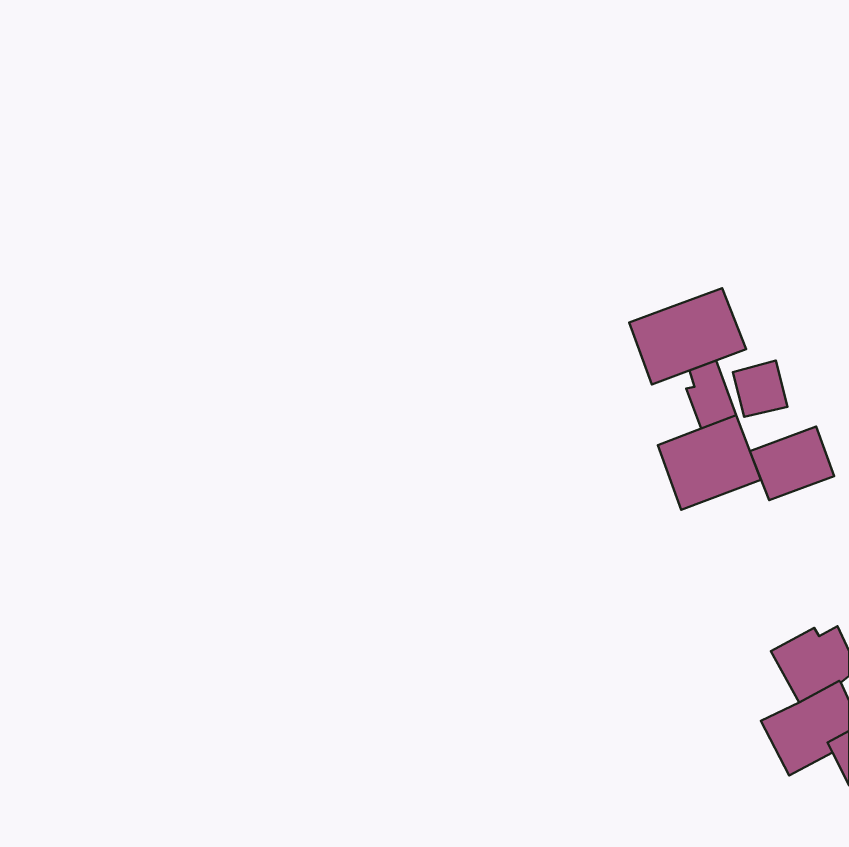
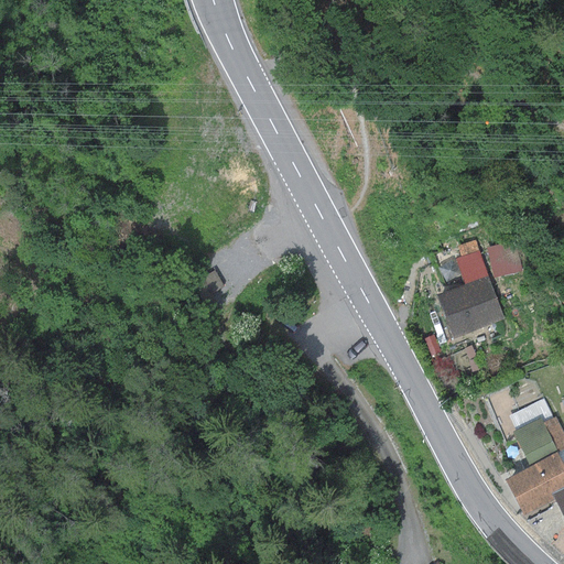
building: [629,288,746,385] -> none
building: [750,426,834,500] -> none

